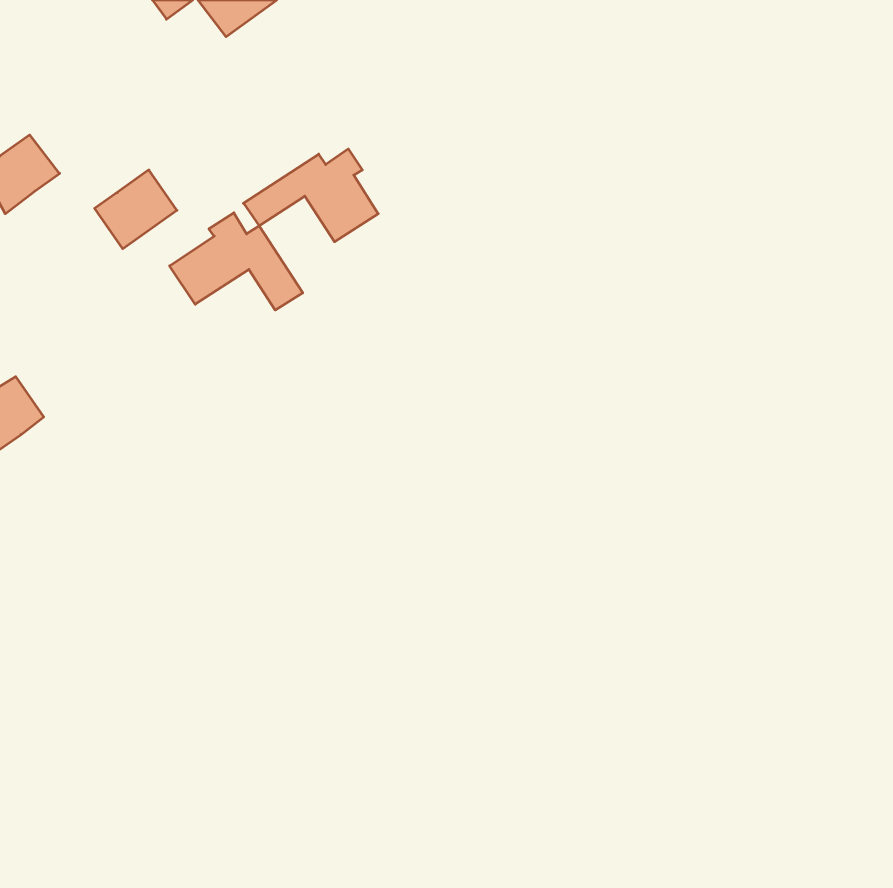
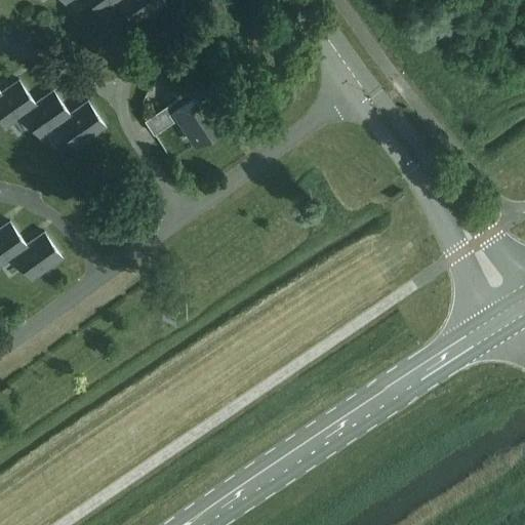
building: none -> [21,93,69,139]
building: [170,213,303,310] -> none
building: none -> [12,235,60,281]

